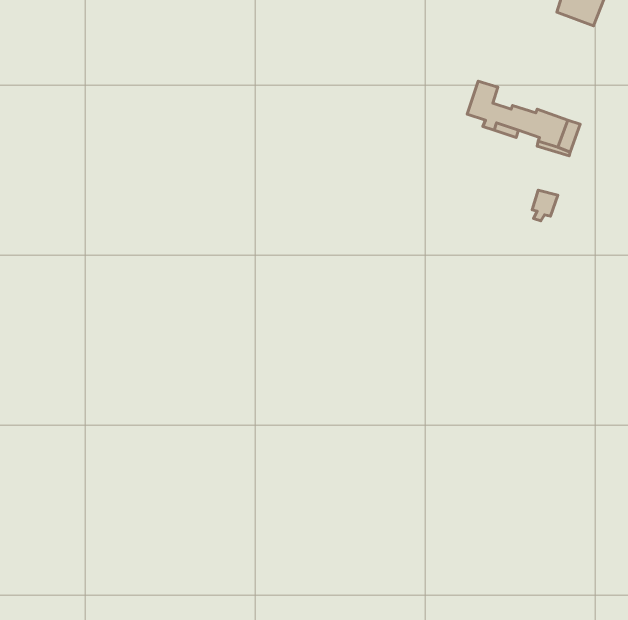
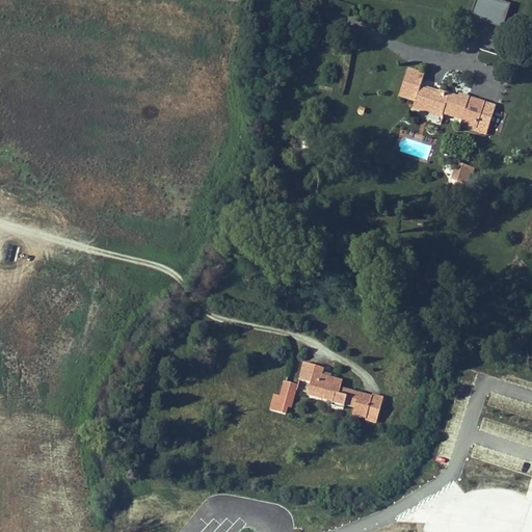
building: none -> [301,362,382,417]
building: none -> [273,384,300,416]

